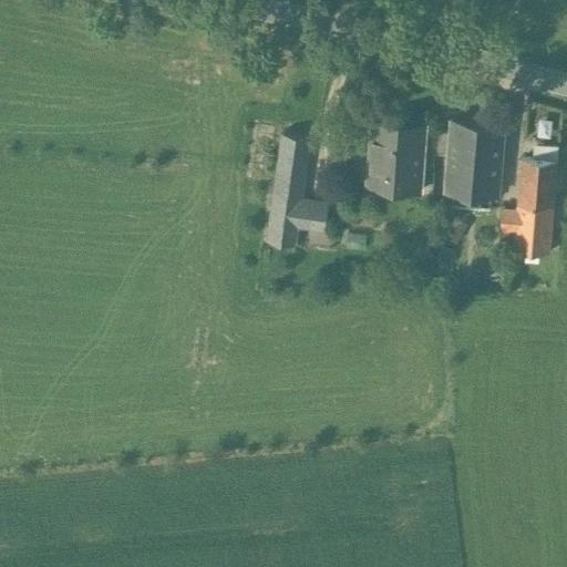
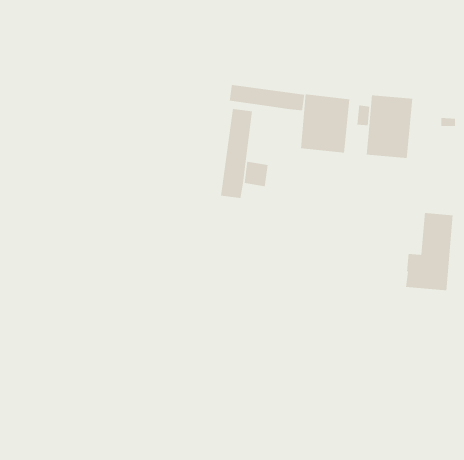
building: none -> [229,84,305,111]
building: [498,162,557,257] -> [405,213,453,291]

